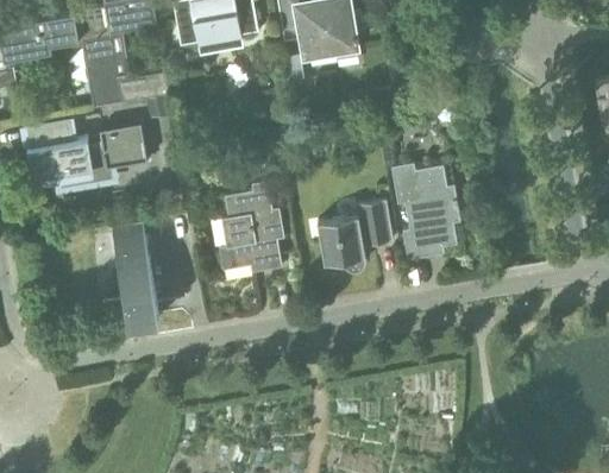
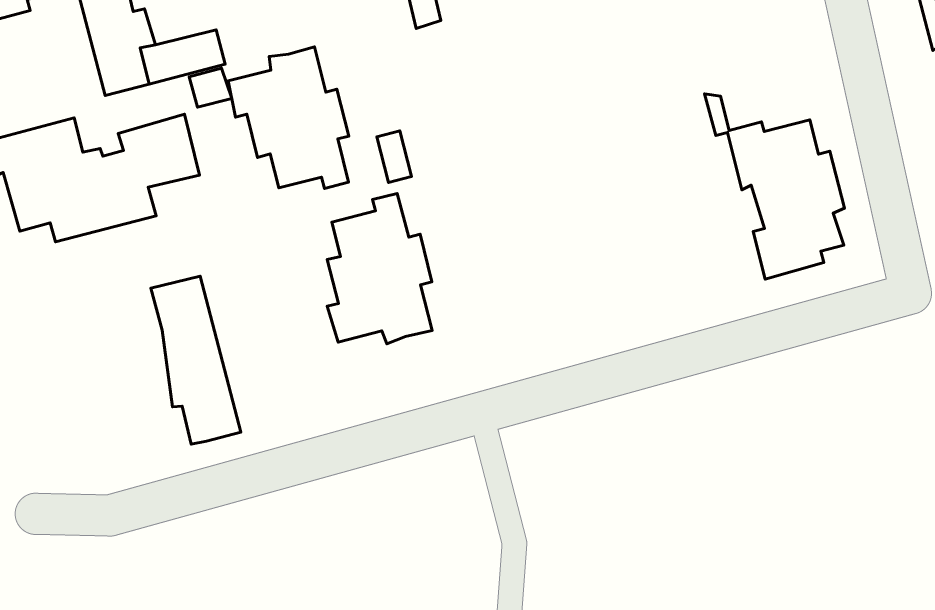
building: none -> [228,47,349,189]
building: [379,144,459,260] -> [705,94,844,279]
building: [316,201,393,269] -> none

